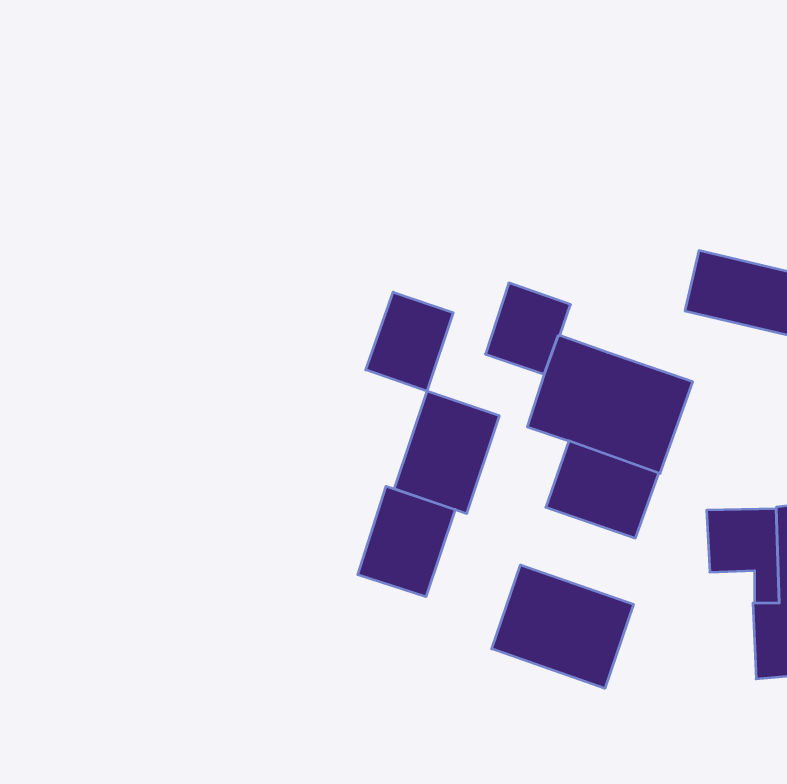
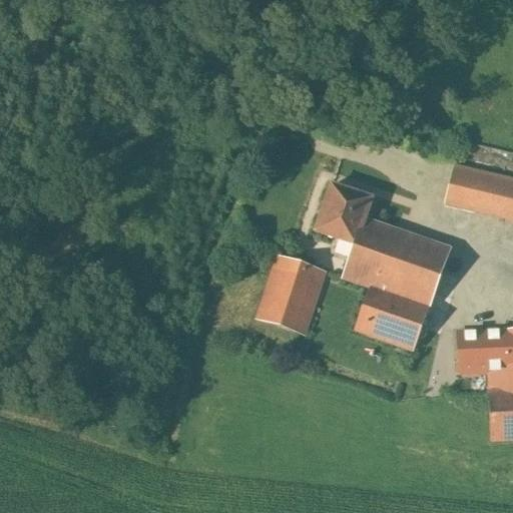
building: [366,292,453,391] -> none
building: [358,486,455,597] -> none
building: [492,565,633,688] -> none

